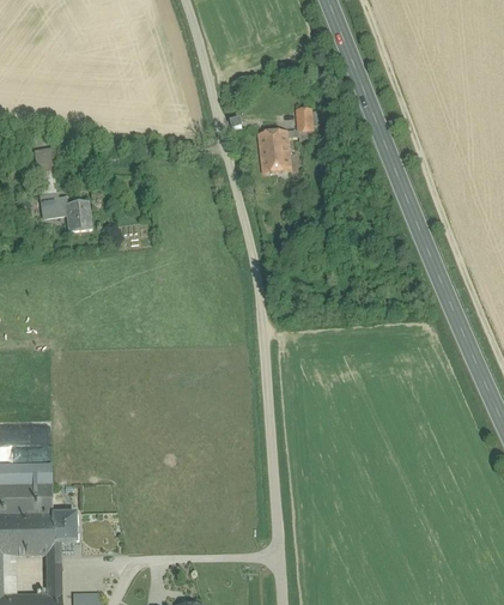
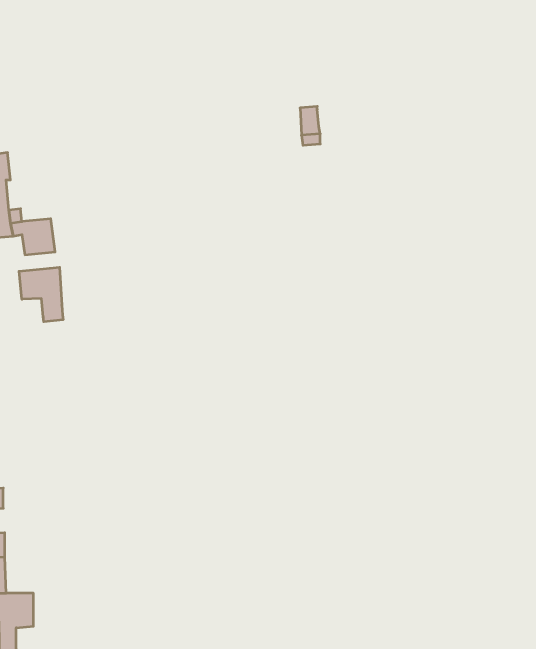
building: [260,131,291,173] -> none
building: none -> [19,267,63,322]

